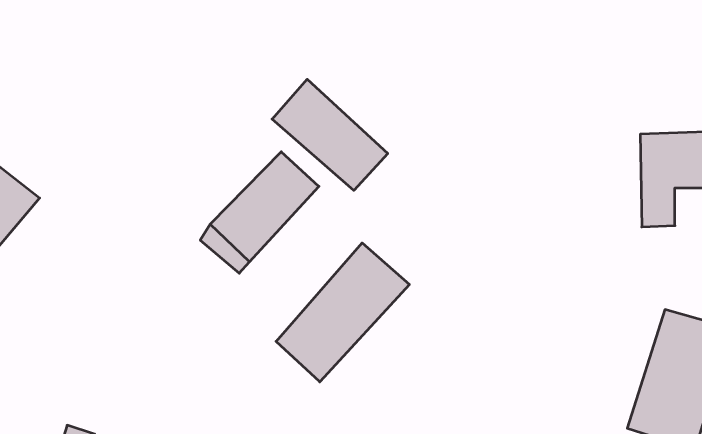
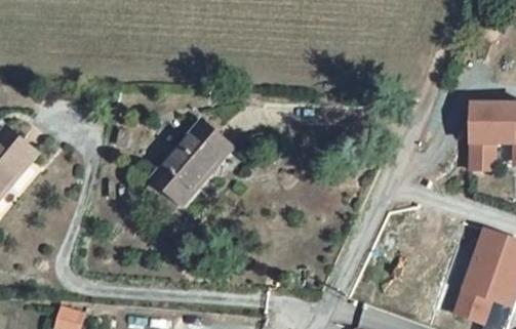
building: [272,79,388,190] -> none
building: [276,243,409,382] -> none

